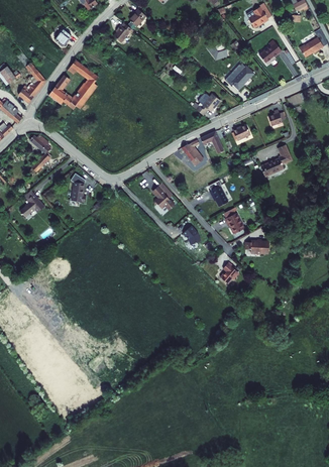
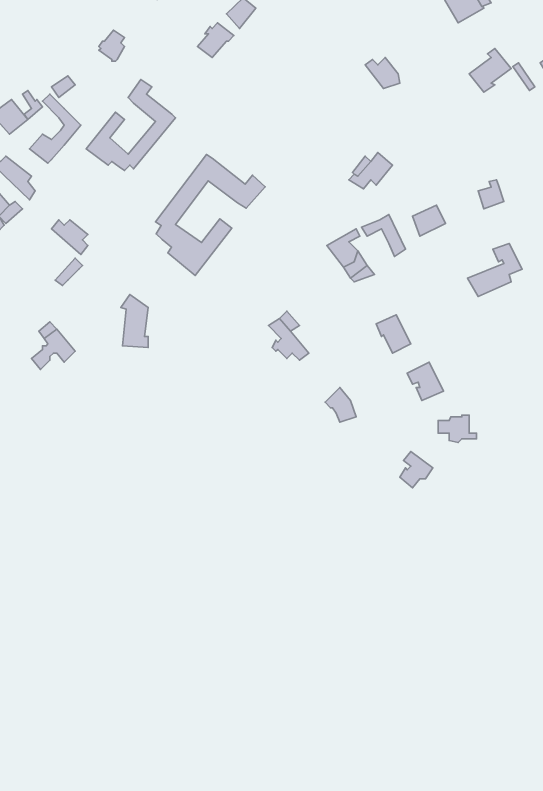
building: [223,64,252,92] -> none
building: none -> [156,155,265,275]

